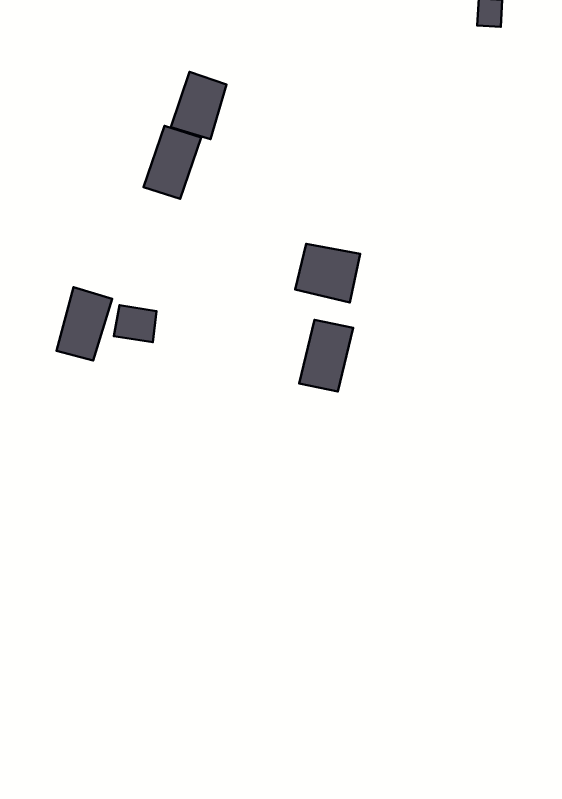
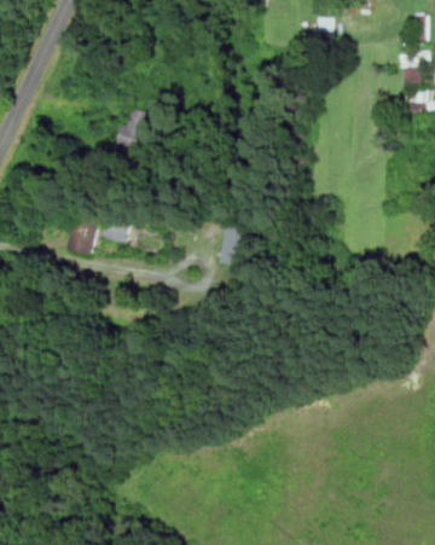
building: [171,72,227,139] -> none
building: [295,244,360,303] -> none

